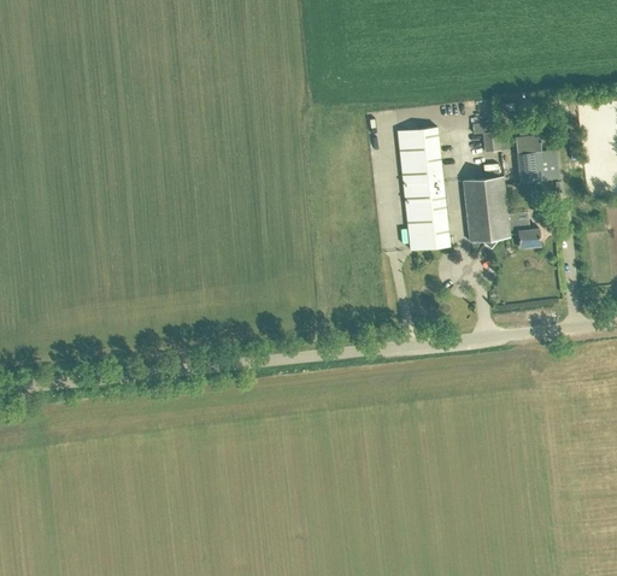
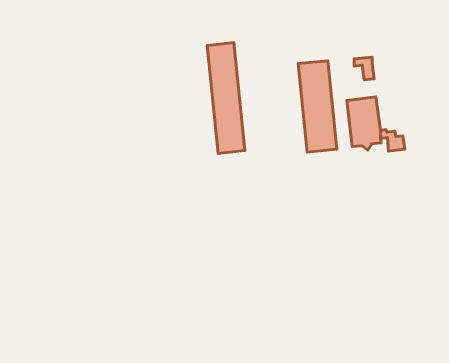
building: none -> [207,42,245,153]
building: [515,135,552,183] -> none

